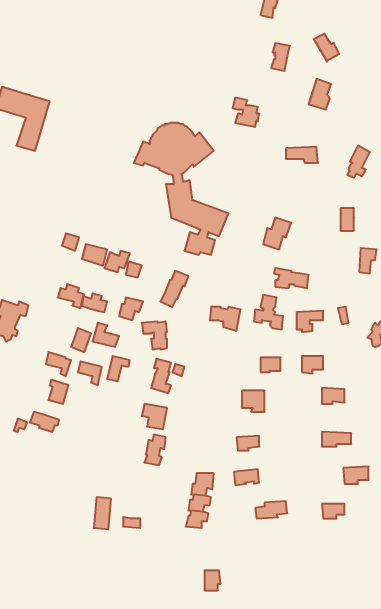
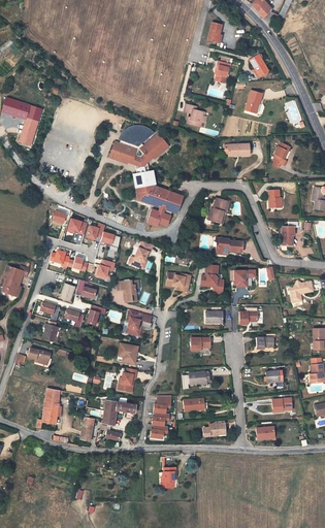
building: none -> [36,389,64,428]
building: none -> [99,399,131,425]

